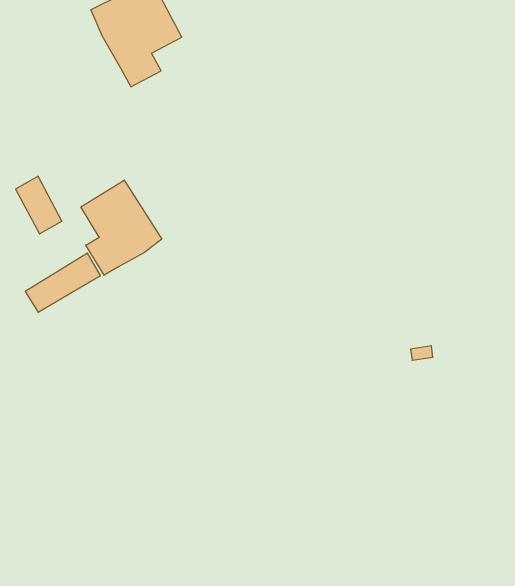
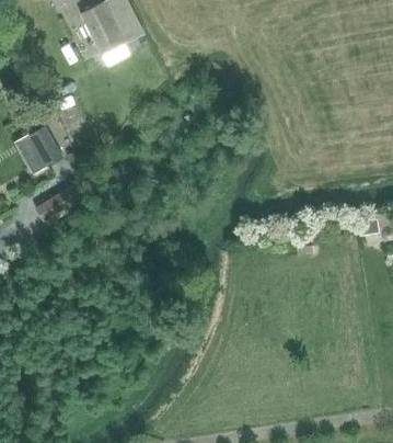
building: [81,180,162,275] -> none

